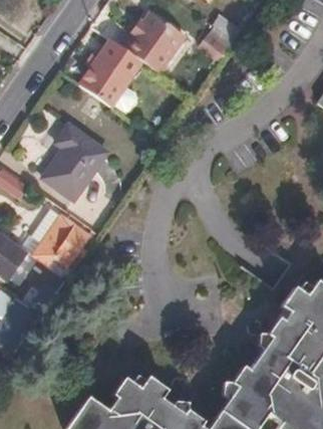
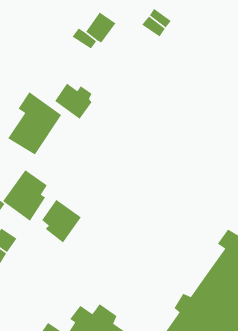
building: [78,60,123,104] -> [54,83,92,120]
building: none -> [41,199,82,244]

